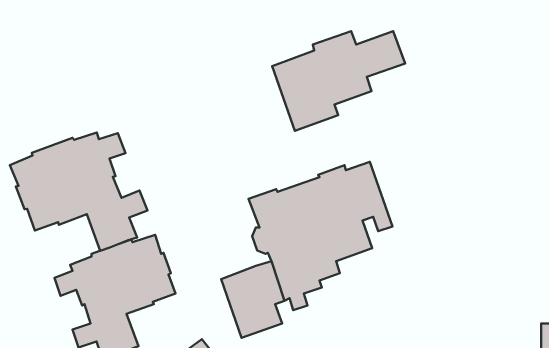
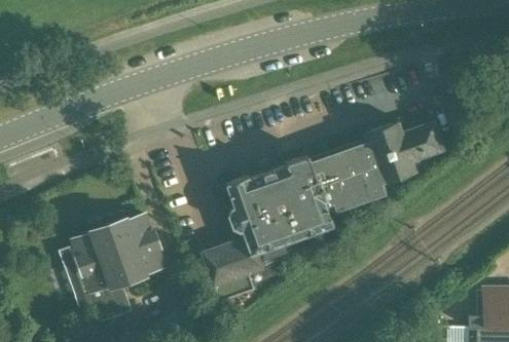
building: [272,31,405,131] -> [330,121,444,206]
building: [10,132,147,251] -> none

